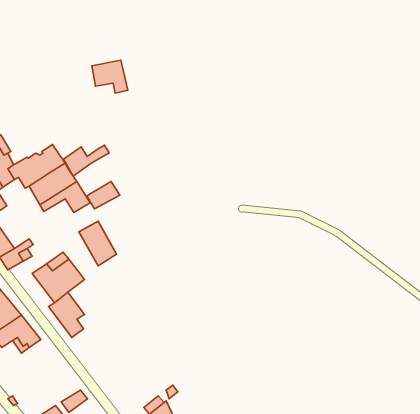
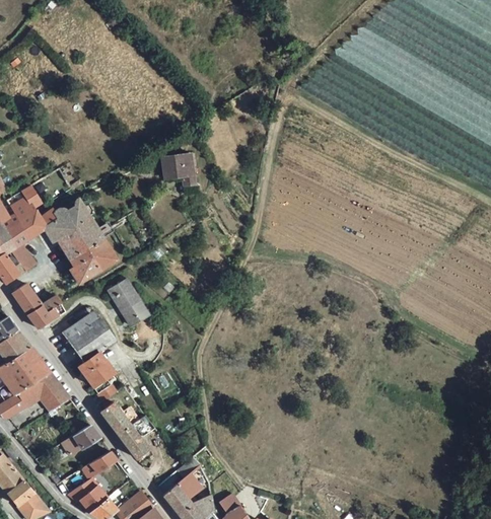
building: [92,60,128,93] -> [162,147,200,181]
building: [63,145,109,176] -> none
building: [87,182,120,209] -> [69,253,103,282]
building: none -> [99,400,159,461]
building: none -> [64,427,99,453]

